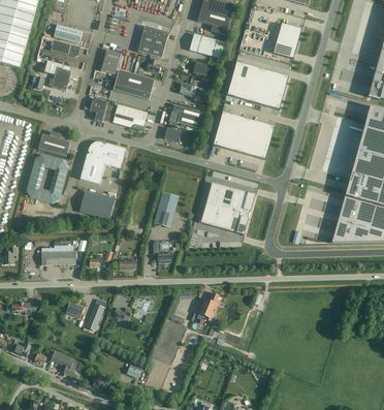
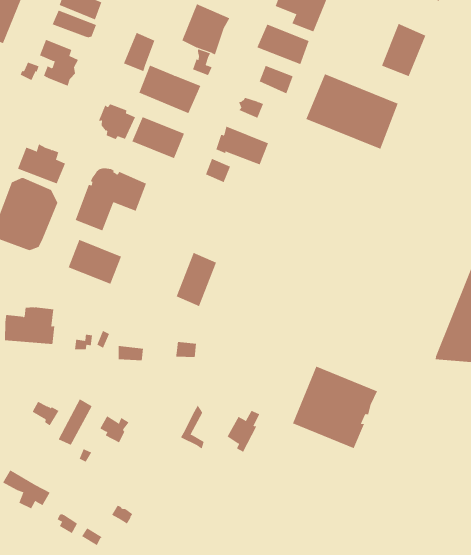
building: [213,112,275,158] -> none
building: [200,182,255,234] -> [292,366,378,449]

